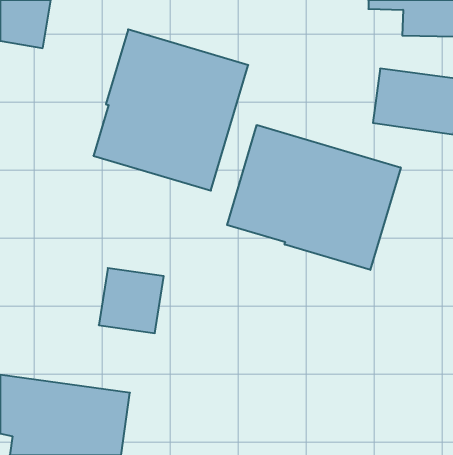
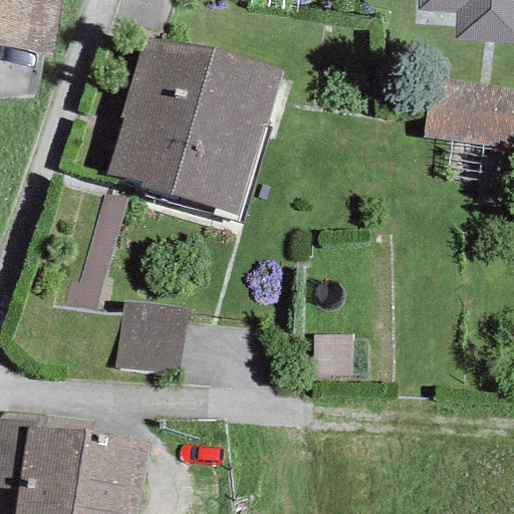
building: [227,125,401,270] -> none

